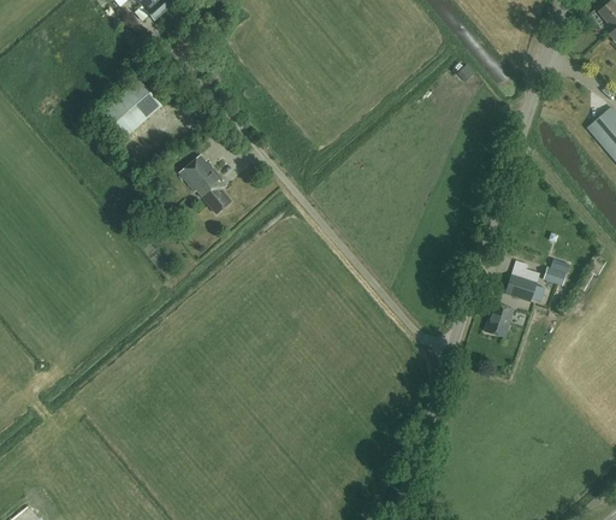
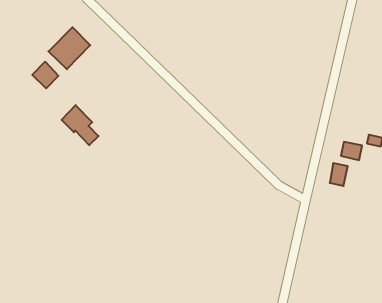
building: none -> [32,62,58,88]
building: [180,153,231,212] -> [62,105,99,145]

